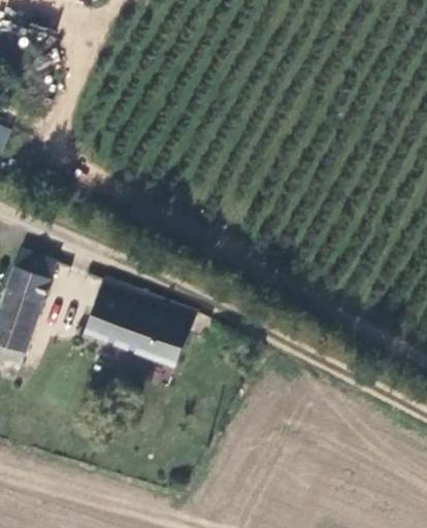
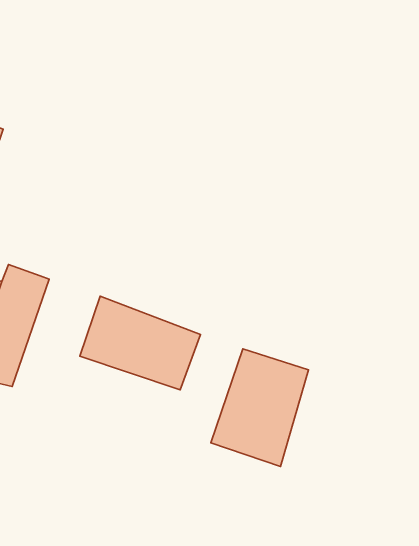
building: none -> [211,349,309,466]

